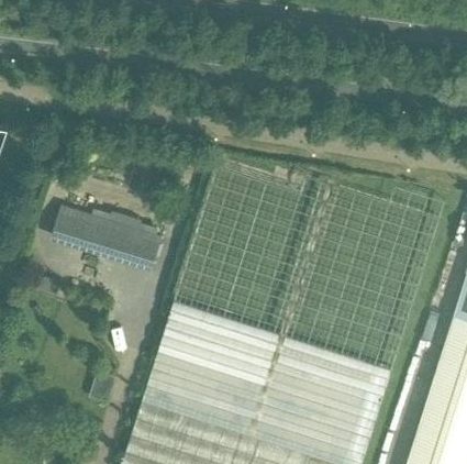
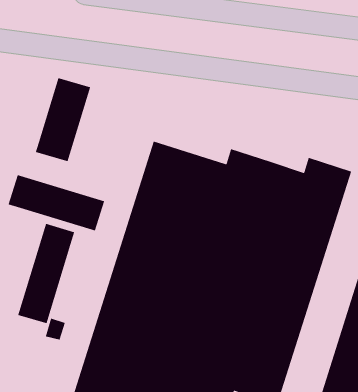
building: none -> [35,77,91,162]
building: none -> [17,223,75,324]

